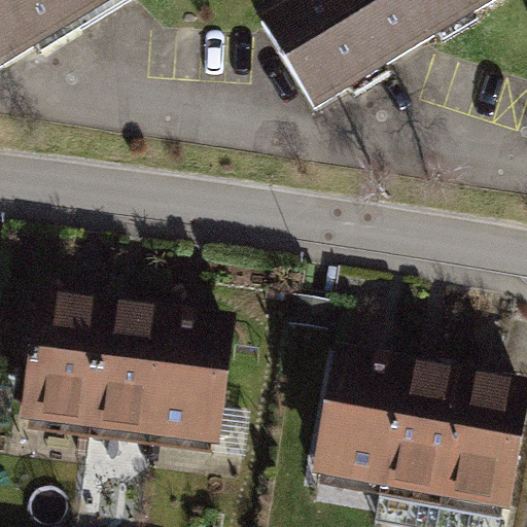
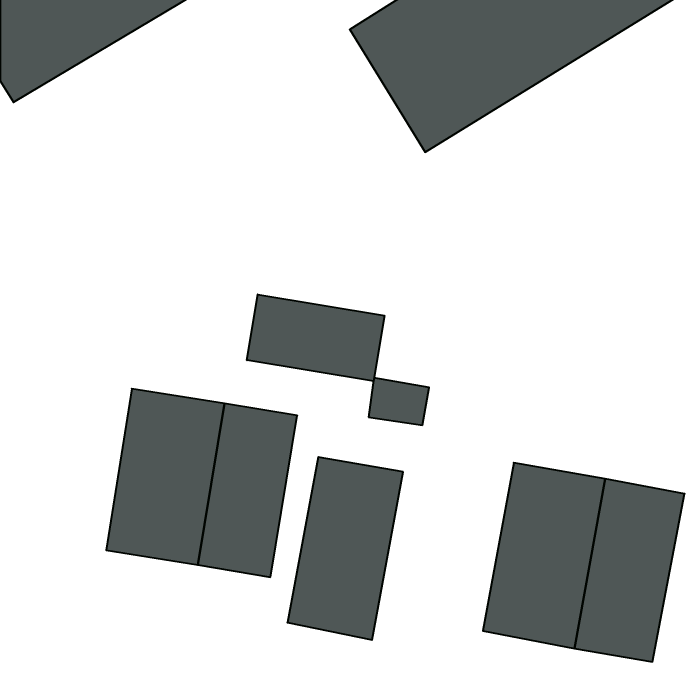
building: none -> [247,294,384,381]
building: [21,288,102,421] -> none
building: [306,343,394,483] -> [287,457,403,640]

